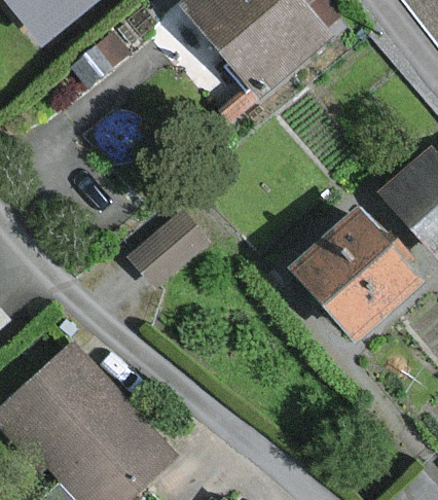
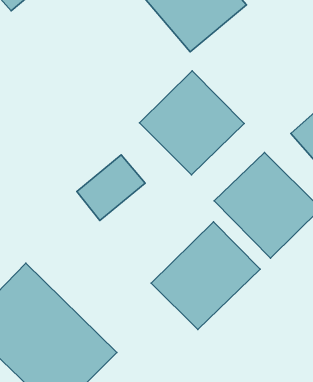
building: none -> [139,71,244,175]
building: none -> [151,222,260,330]

